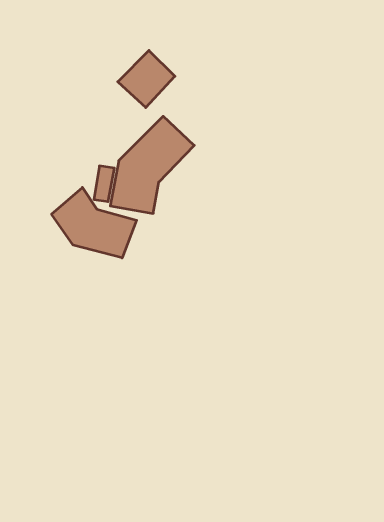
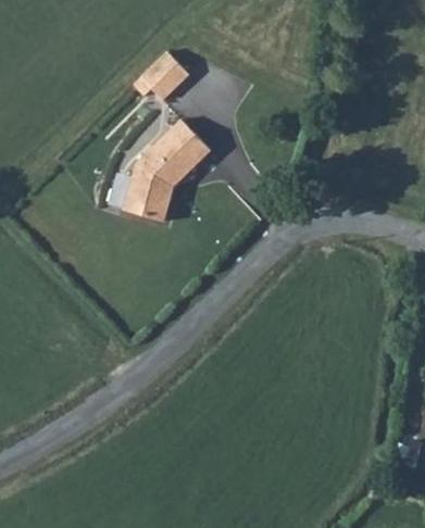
building: [52,187,137,258] -> none

